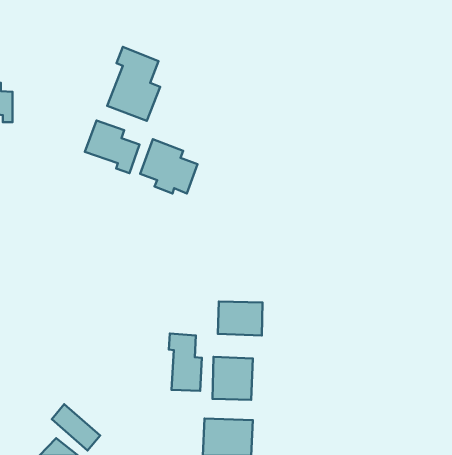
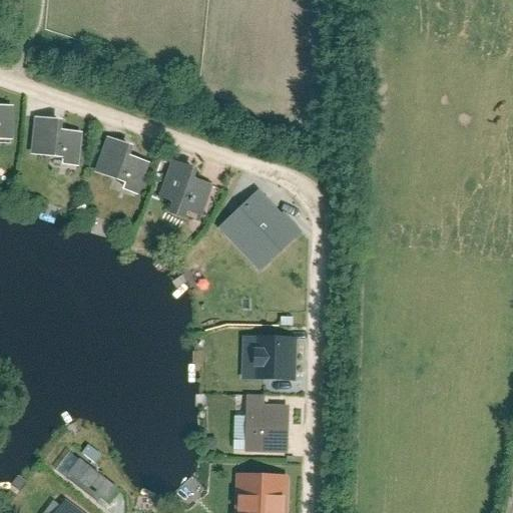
building: [107,47,160,121] -> none
building: none -> [34,118,82,163]
building: none -> [222,194,299,270]
building: [169,334,202,391] -> none

